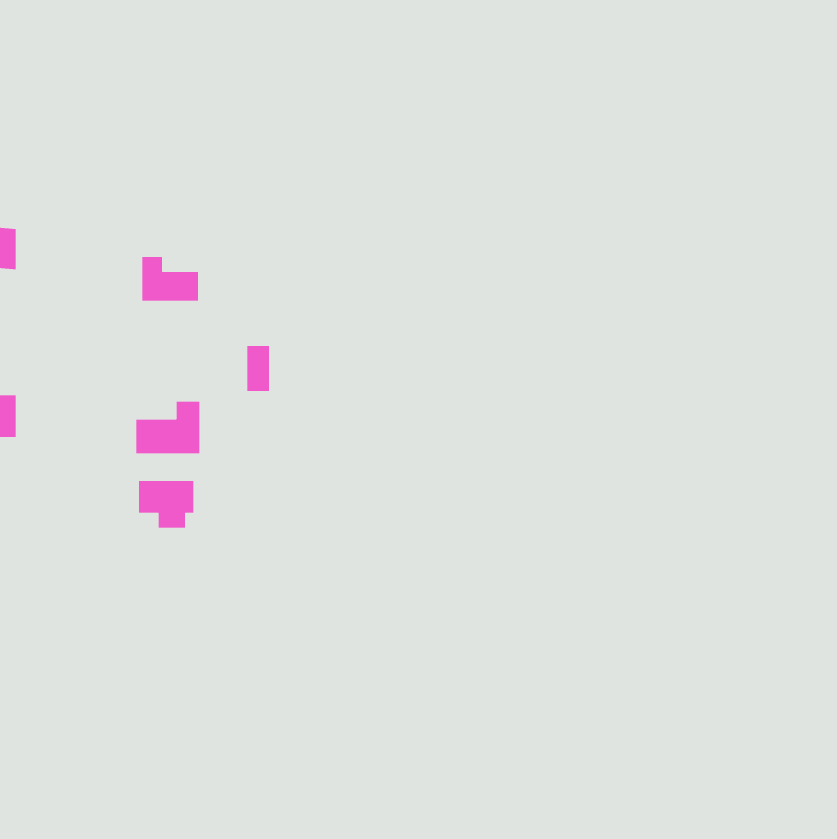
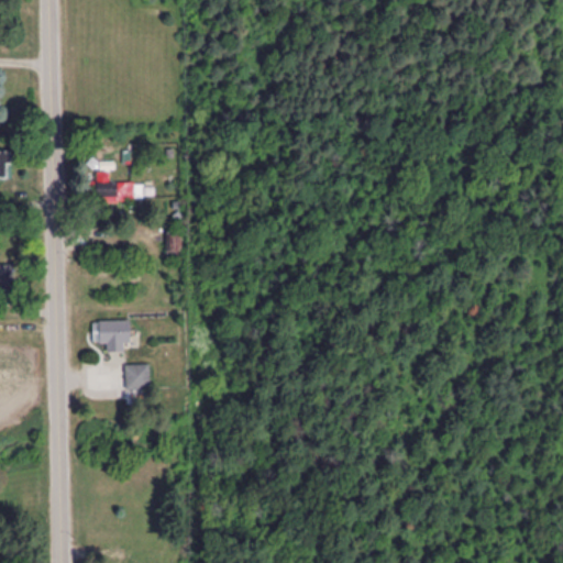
building: [136,401,200,454] -> none
building: none -> [124,364,148,390]

